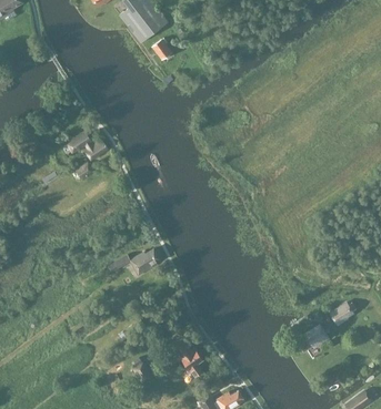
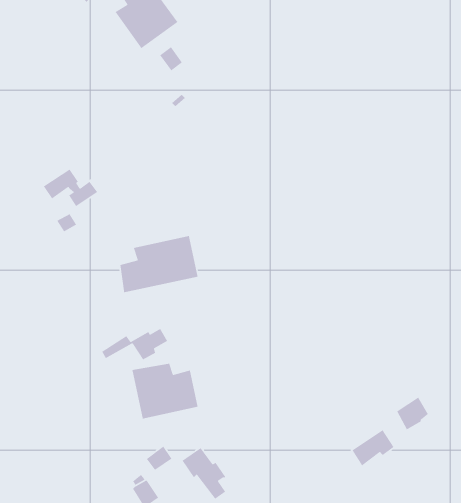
building: none -> [120,235,199,293]
building: none -> [132,363,199,420]

